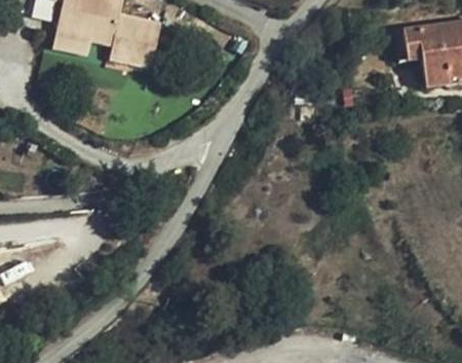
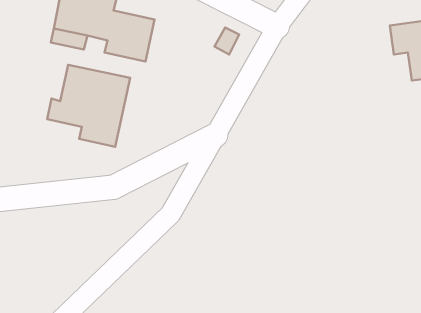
building: none -> [47,65,130,147]

